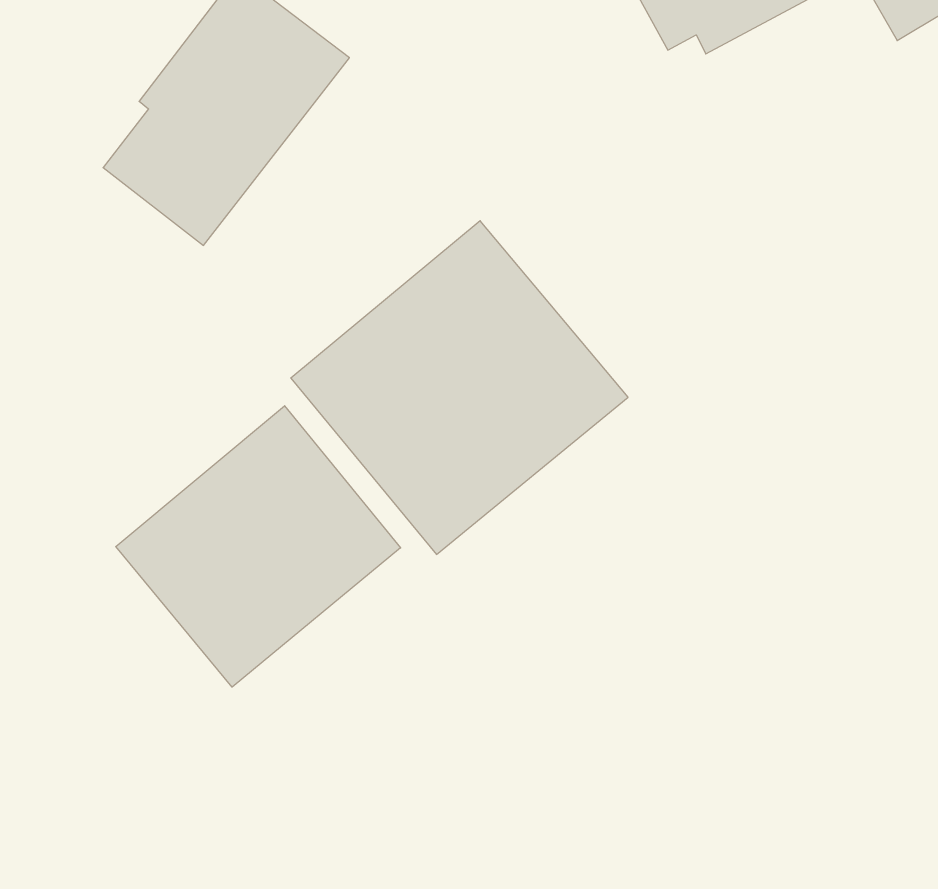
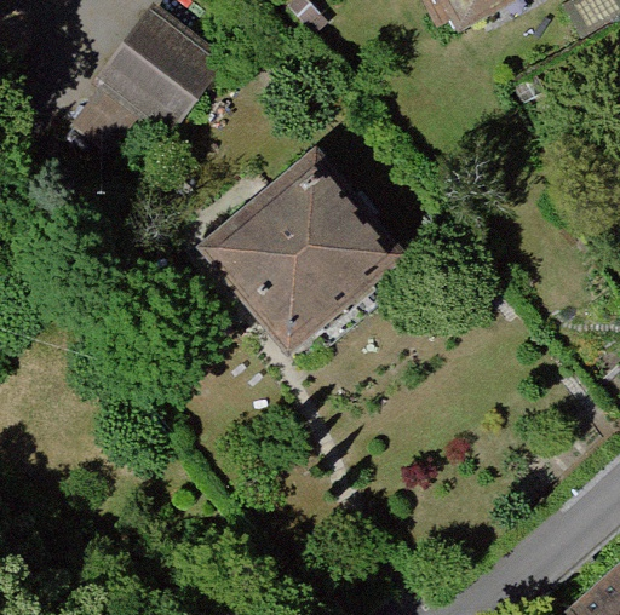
building: [116,406,401,687] -> none

